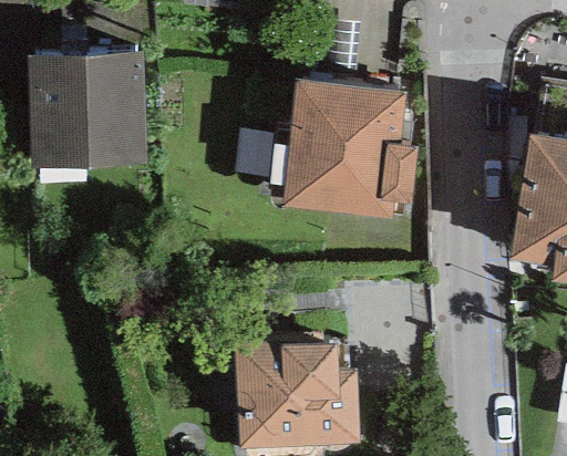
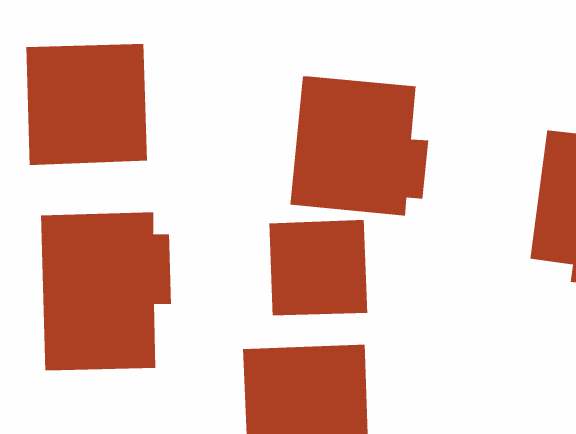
building: none -> [40,211,171,371]
building: none -> [269,219,368,316]

